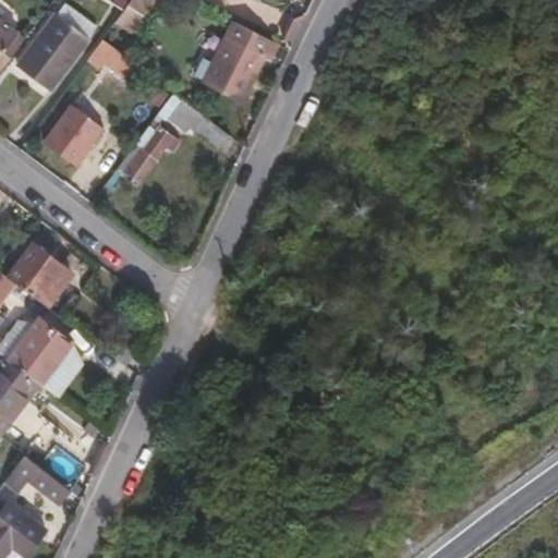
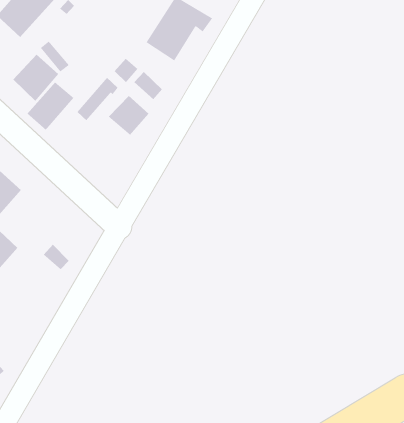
building: none -> [27,82,74,131]
building: none -> [108,95,150,136]

